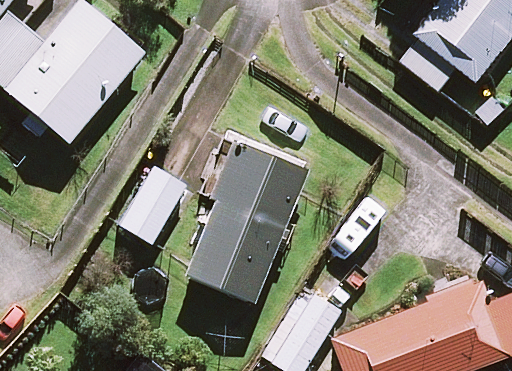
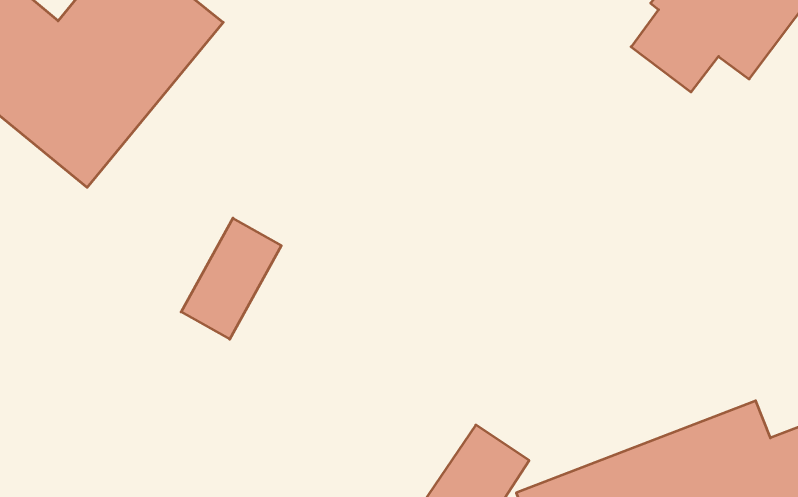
building: [186,142,305,301] -> none

